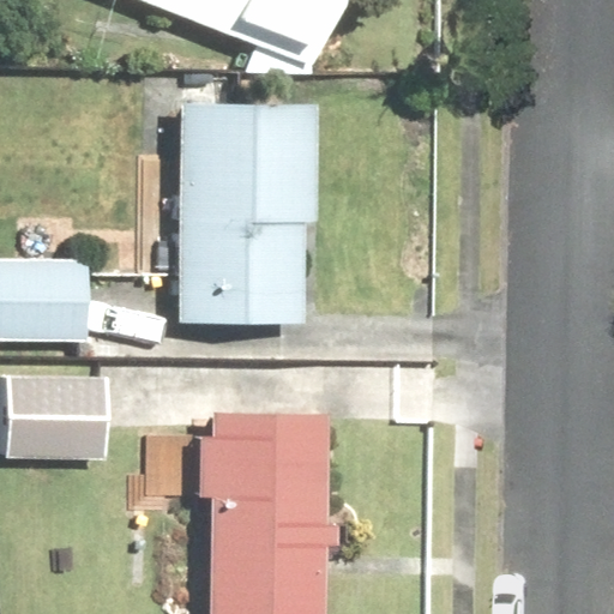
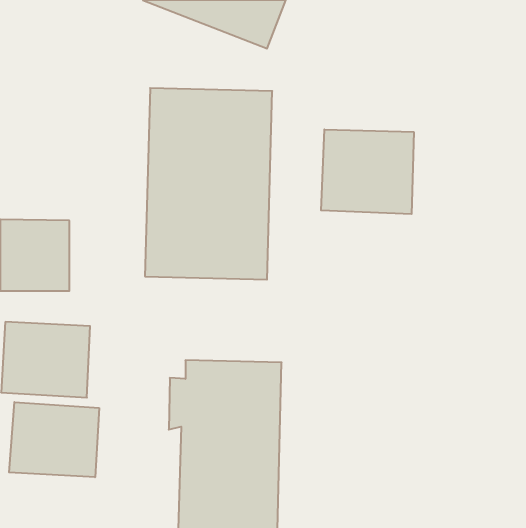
building: none -> [321,129,414,214]
building: none -> [9,402,99,477]

